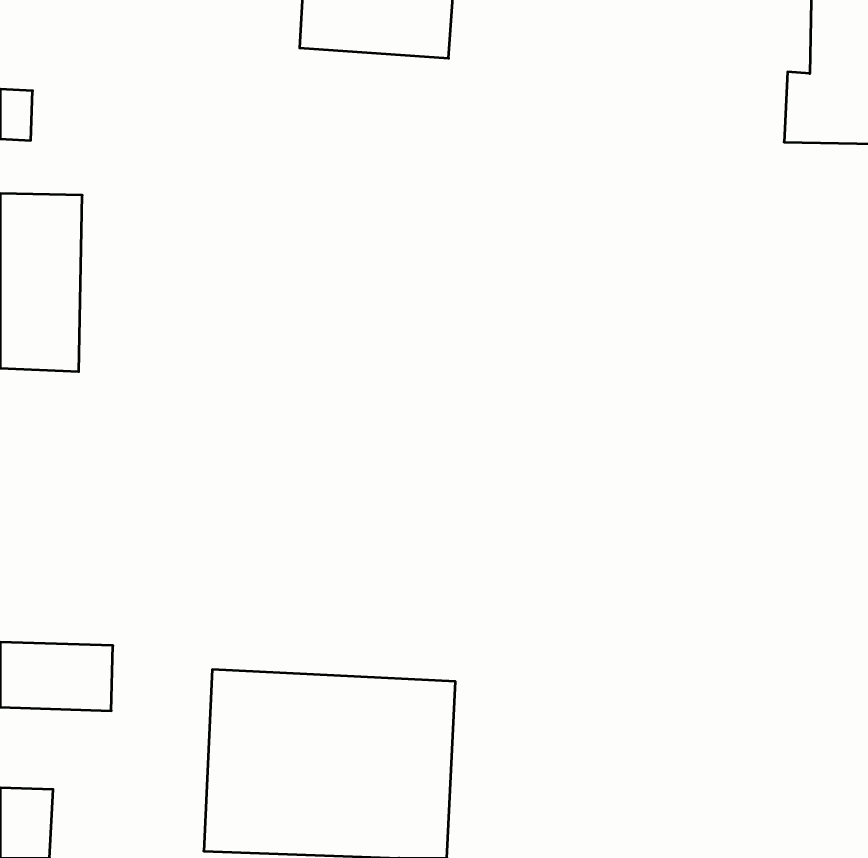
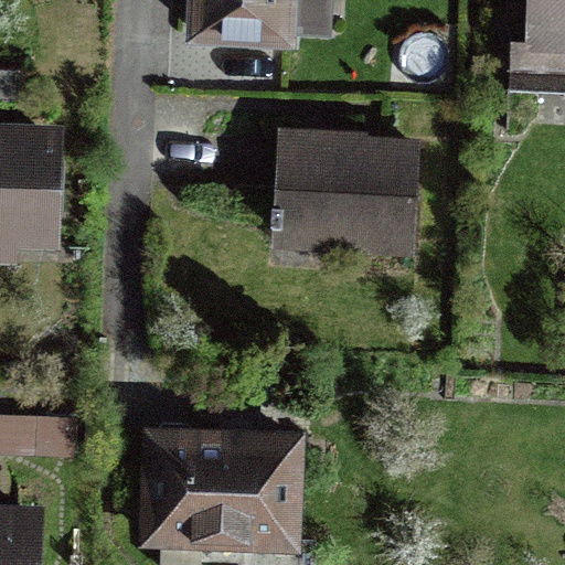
building: none -> [271,132,420,255]

